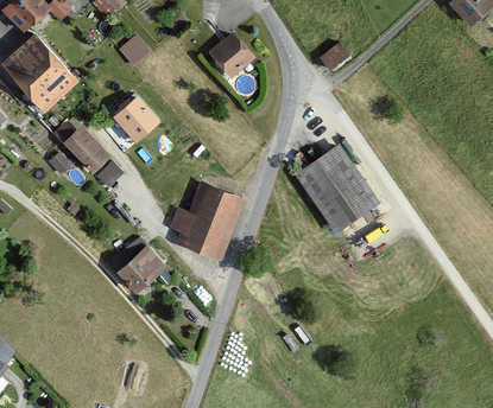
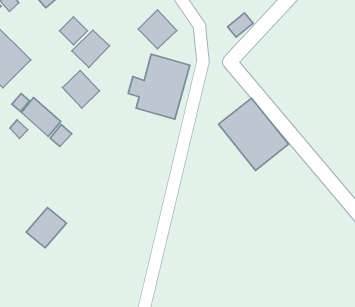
building: none -> [72,30,110,68]
building: [168,180,244,260] -> [128,54,190,119]
building: [116,247,165,294] -> [26,208,66,248]

